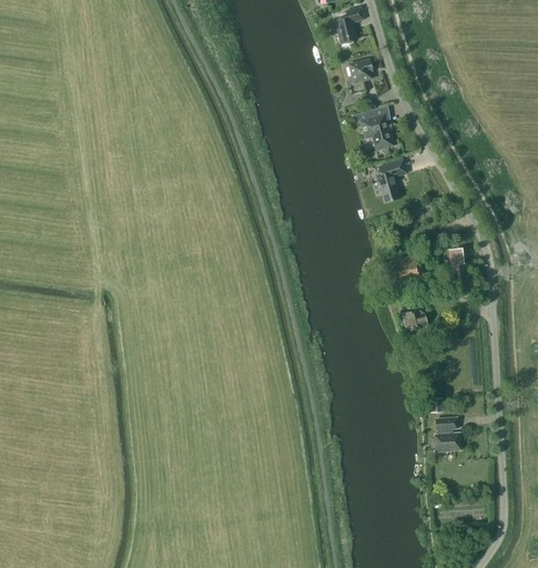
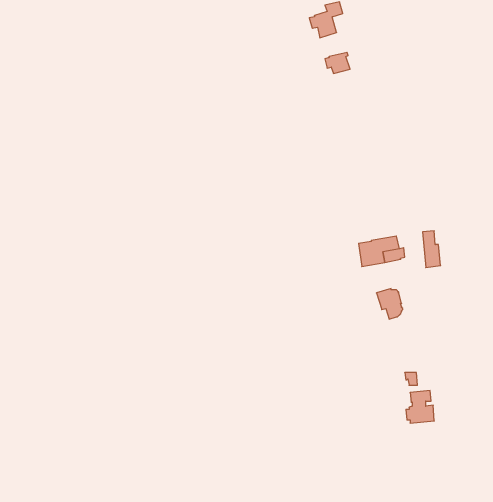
building: [362,113,393,148] -> none
building: [376,159,407,201] -> none

